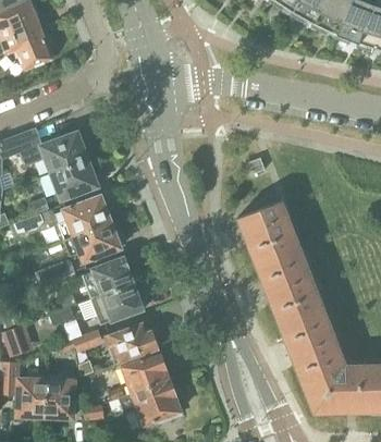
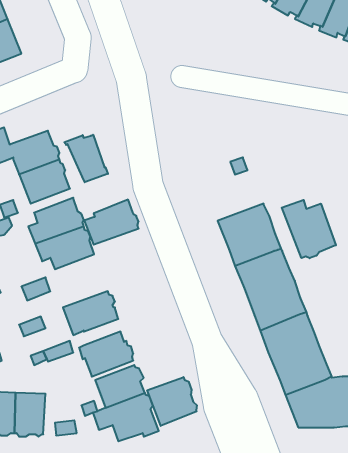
building: none -> [64,135,108,182]
building: none -> [282,200,336,258]
building: [83,256,134,298] -> [84,200,139,245]
building: none -> [147,377,197,426]

